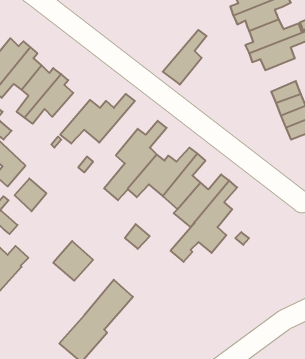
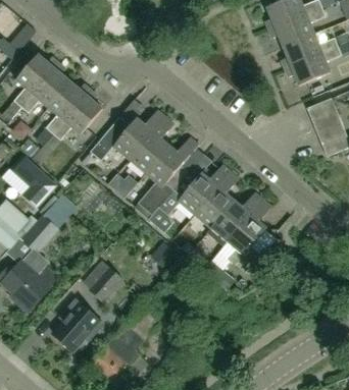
building: [163,30,207,85] -> [130,117,174,173]
building: none -> [52,298,105,352]

